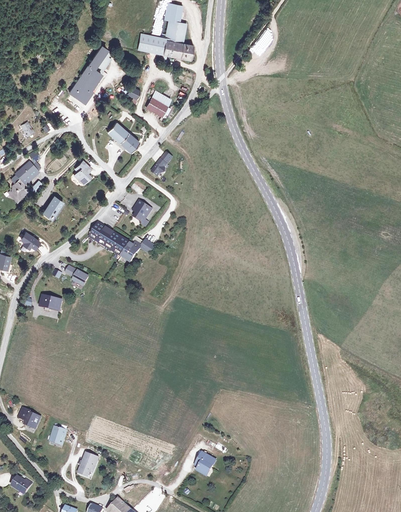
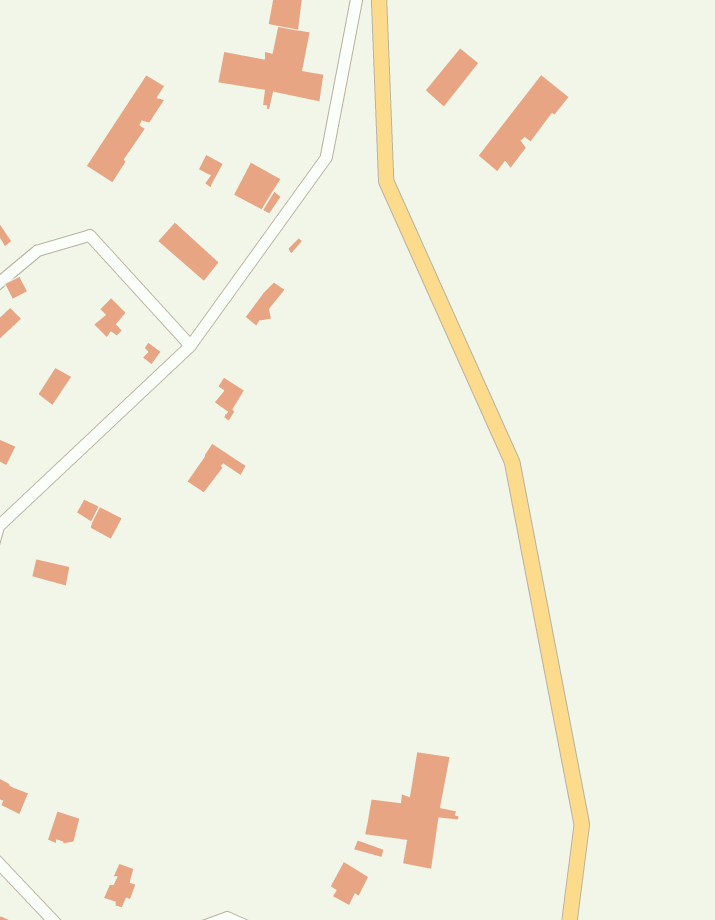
building: none -> [478,74,570,172]
building: [89,222,130,256] -> none
building: none -> [365,752,459,870]

